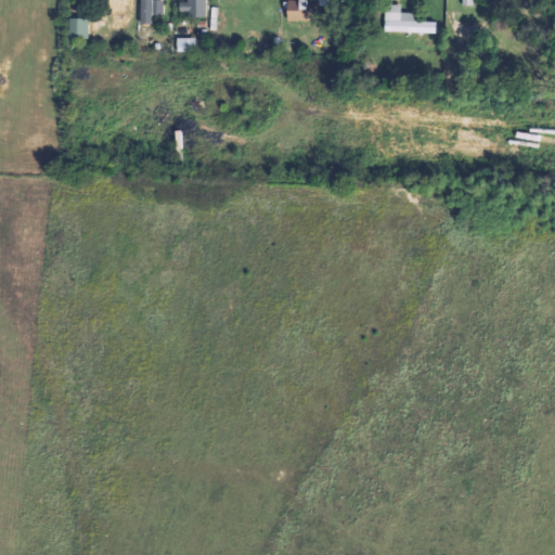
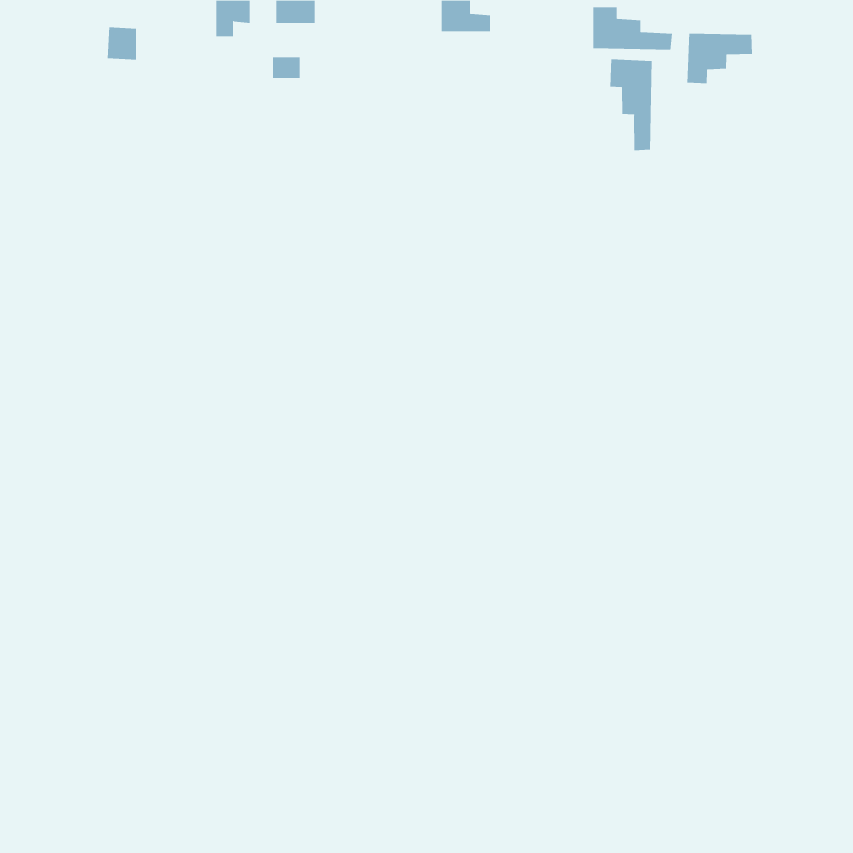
building: none -> [687,33,752,84]
building: none -> [610,59,652,151]

